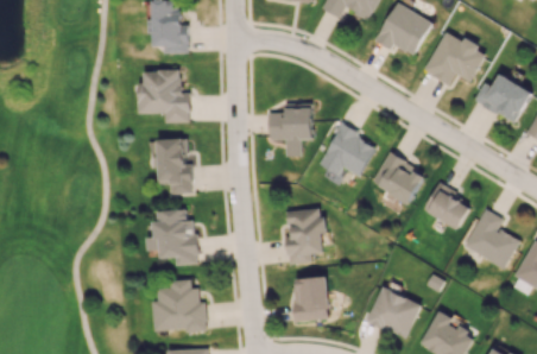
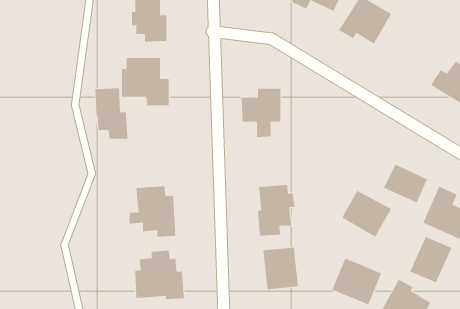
building: [424,32,487,84] -> none
building: [320,122,374,176] -> none
building: [157,138,194,194] -> [95,88,129,139]
building: [372,153,427,204] -> [341,190,392,237]
building: none -> [410,236,452,283]

